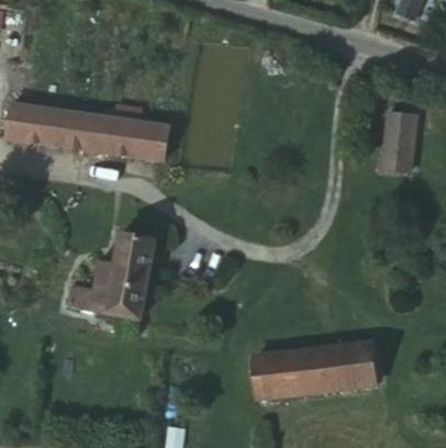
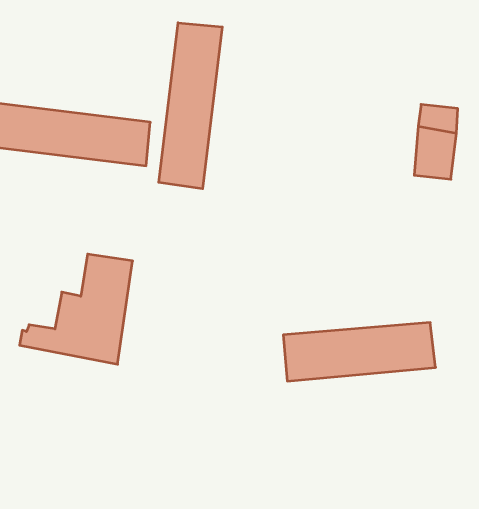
building: none -> [159,23,222,189]
building: [254,345,377,392] -> [283,323,436,381]

